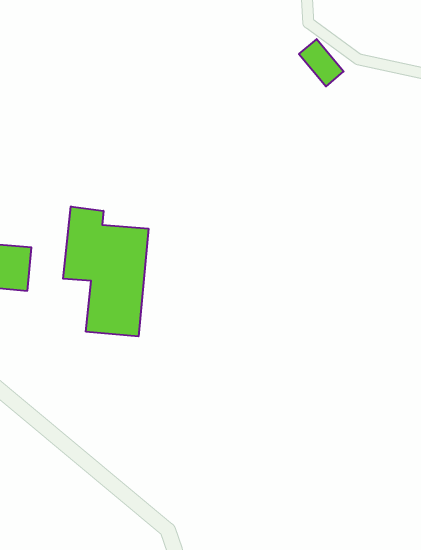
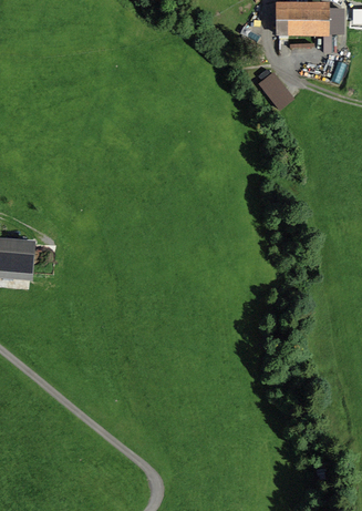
building: [63,206,148,336] -> none

